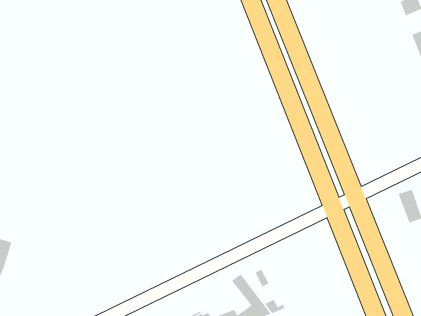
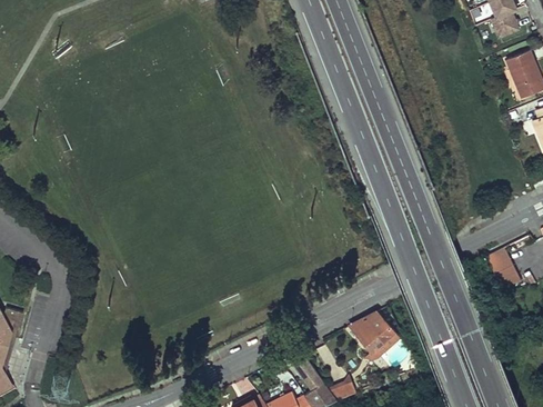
building: none -> [349,311,398,357]

